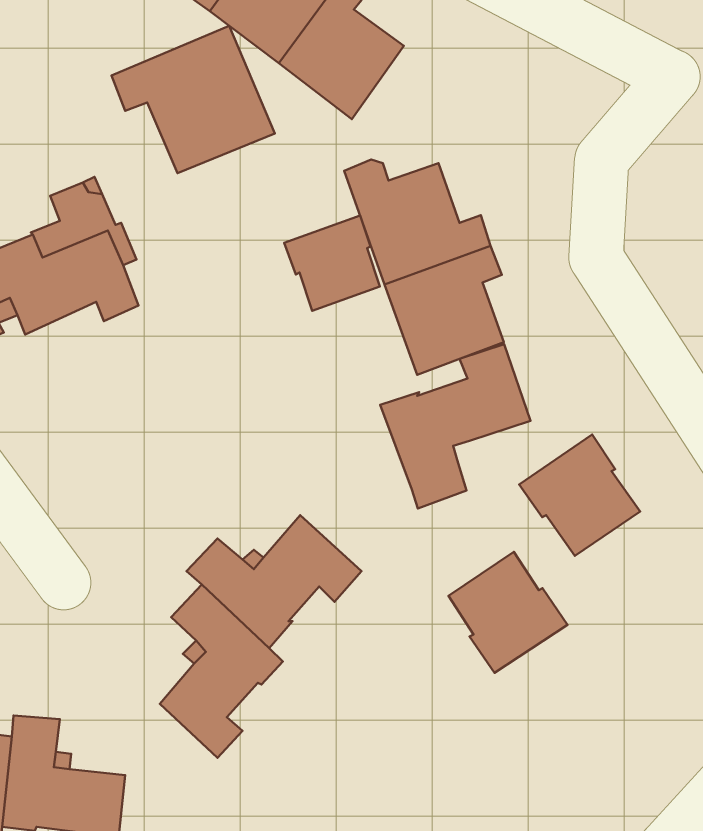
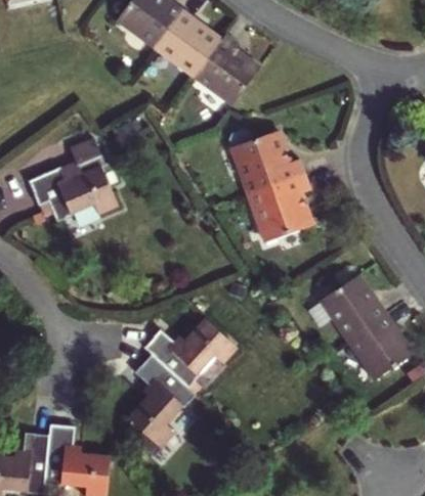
building: [112,26,275,173] -> none
building: [284,216,380,311] -> none
building: [380,344,531,509] -> none
building: [448,552,568,673] -> [350,316,414,380]

